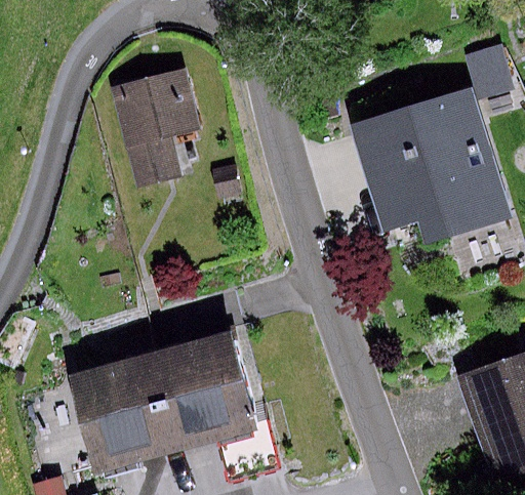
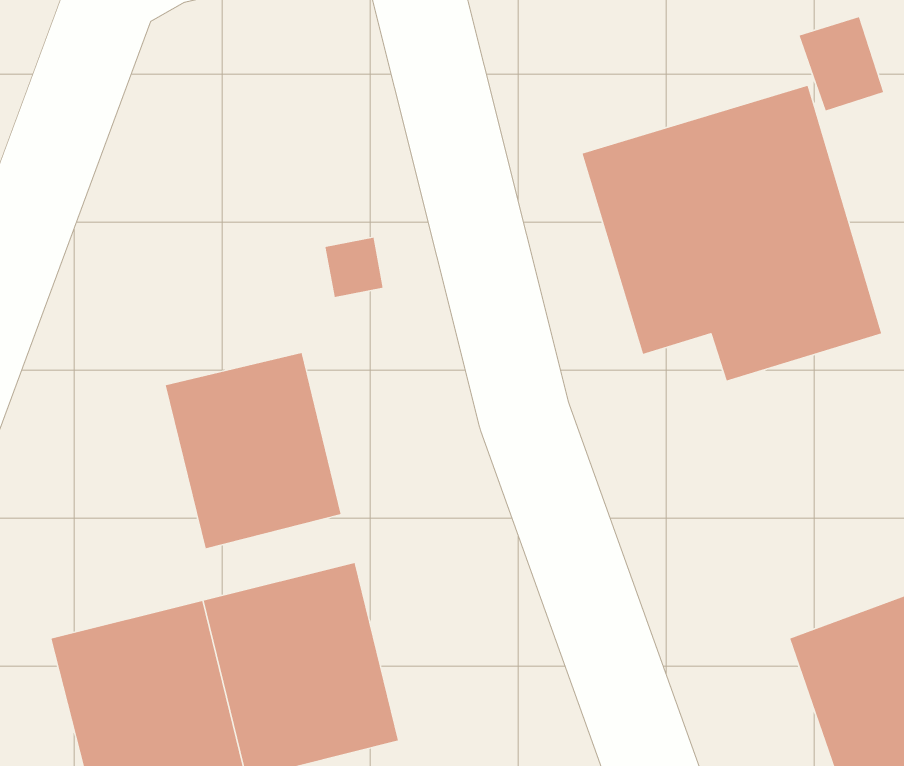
building: [120,71,203,190] -> none
building: none -> [165,352,342,549]

